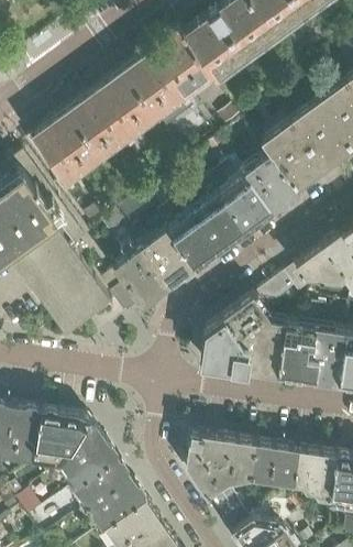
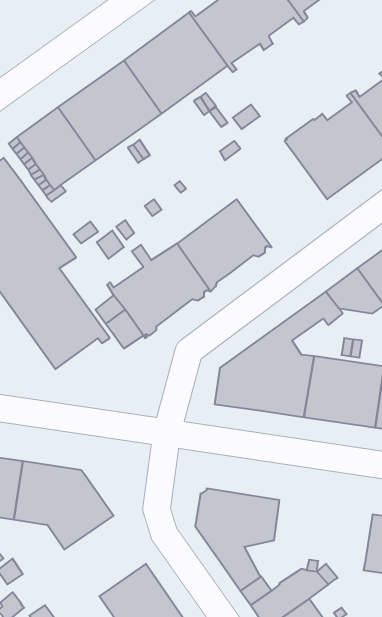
building: [220,154,298,231] -> none
building: [252,446,335,500] -> none
building: [70,459,143,536] -> none

